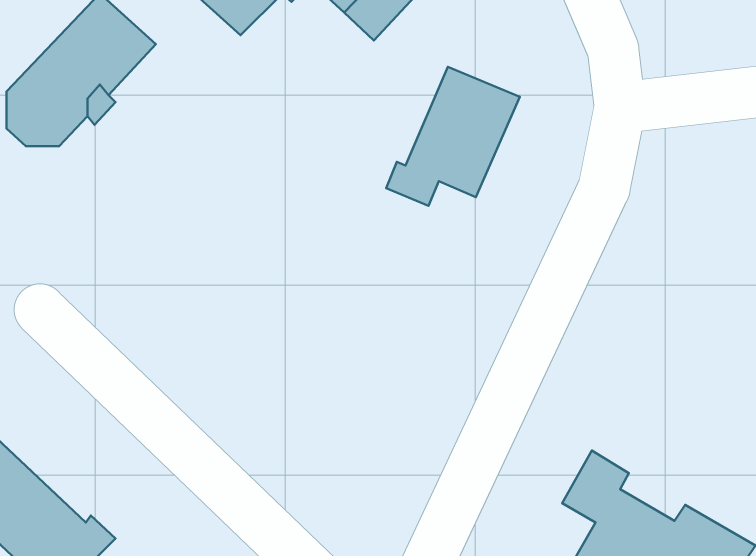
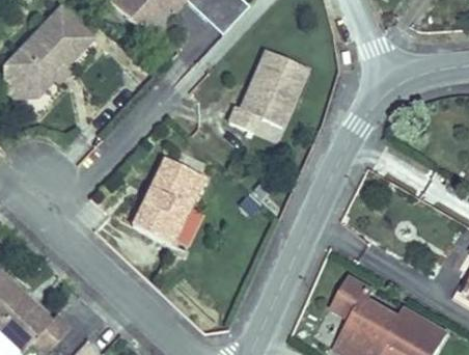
building: none -> [131,157,203,244]

